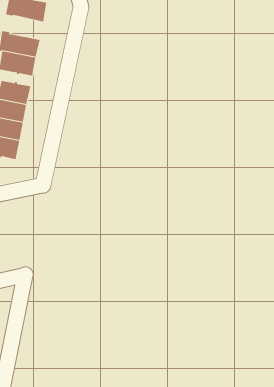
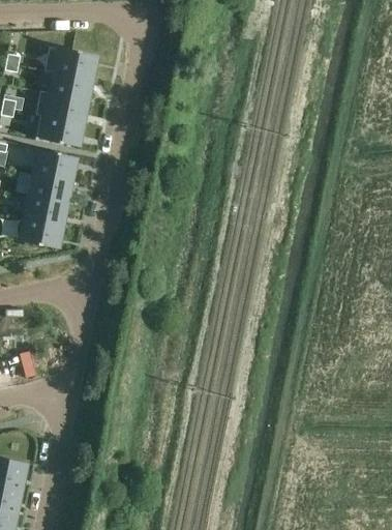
building: none -> [51,70,92,100]

